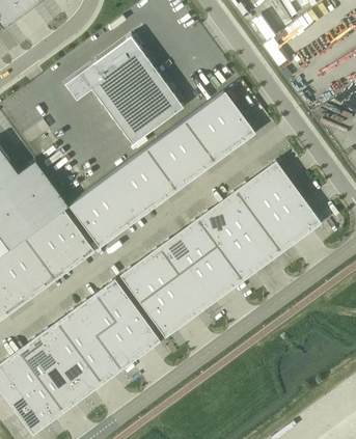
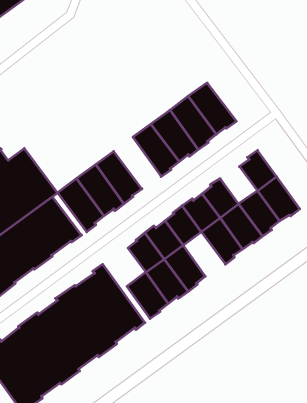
building: [65,36,184,145] -> none
building: [128,149,176,202] -> none
building: [238,180,276,218] -> none
building: [199,247,243,293] -> none
building: [121,264,161,303] -> none

